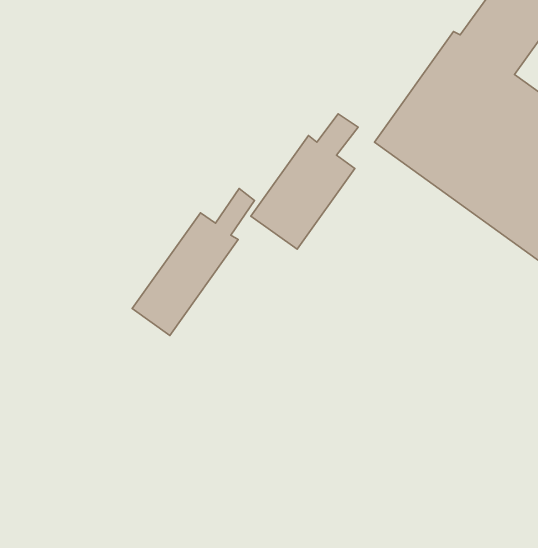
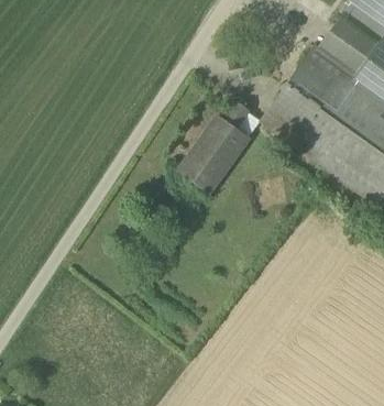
building: [132,189,254,336] -> none

